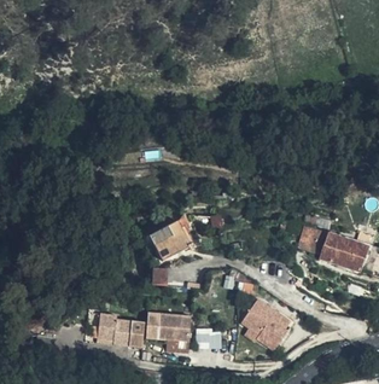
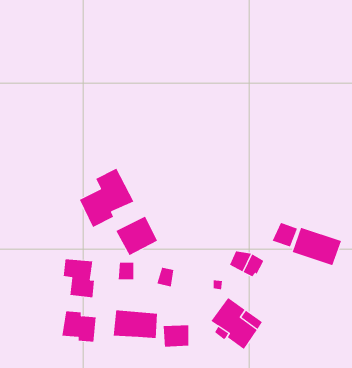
building: none -> [79,168,134,228]
building: none -> [63,259,95,298]

